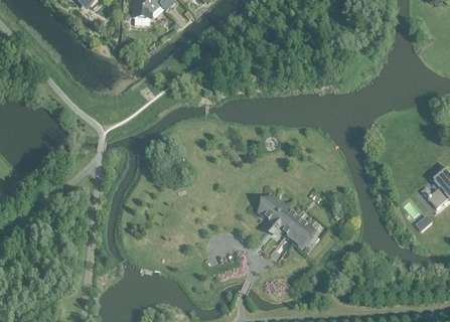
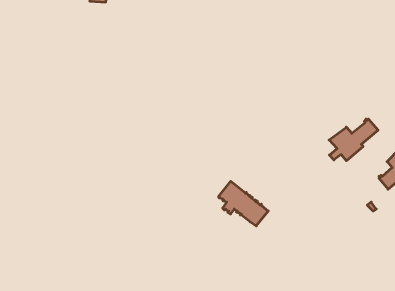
building: none -> [329,119,378,161]

